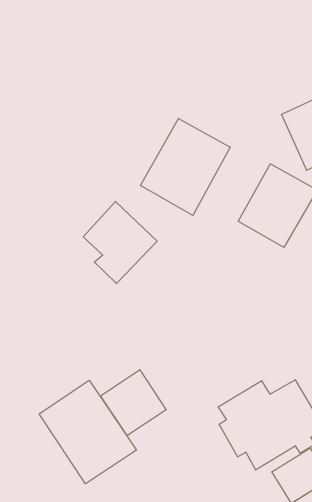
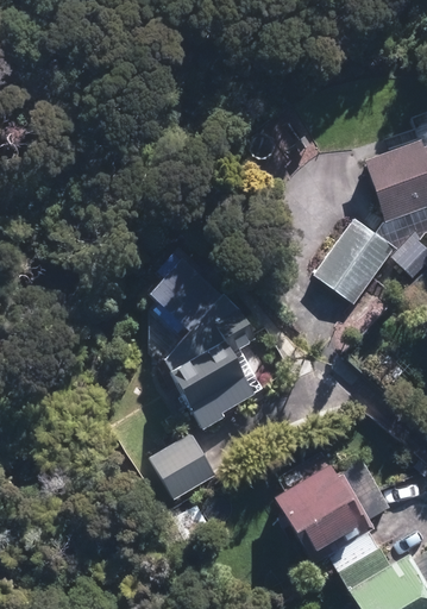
building: [140,118,230,215] -> none
building: none -> [161,310,260,432]
building: [39,380,137,484] -> none

